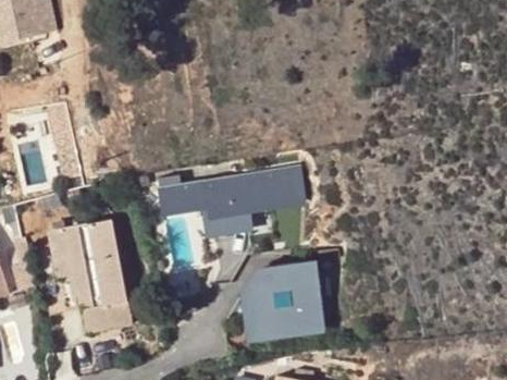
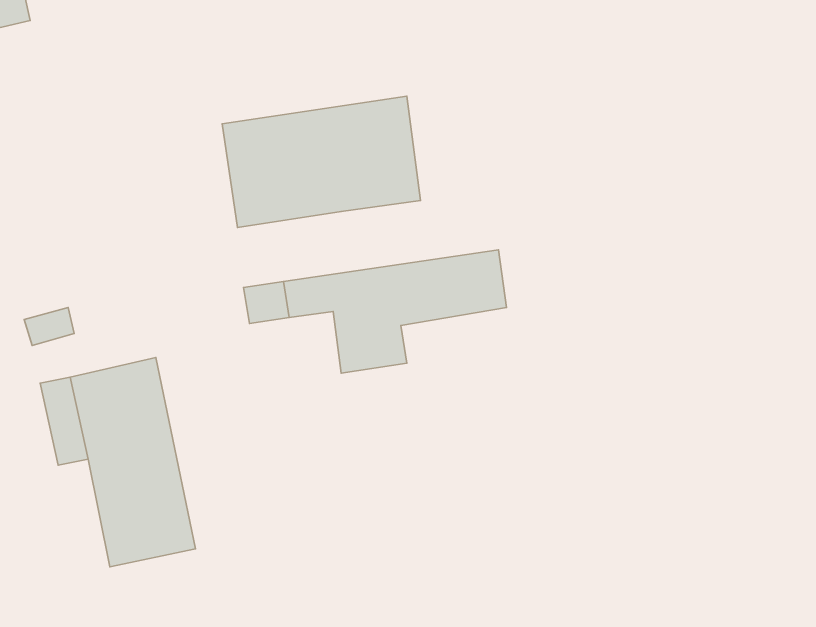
building: none -> [222,96,420,227]
building: [242,256,321,331] -> none

